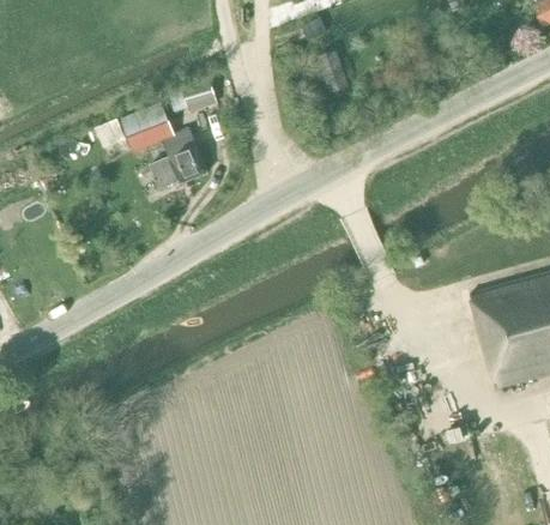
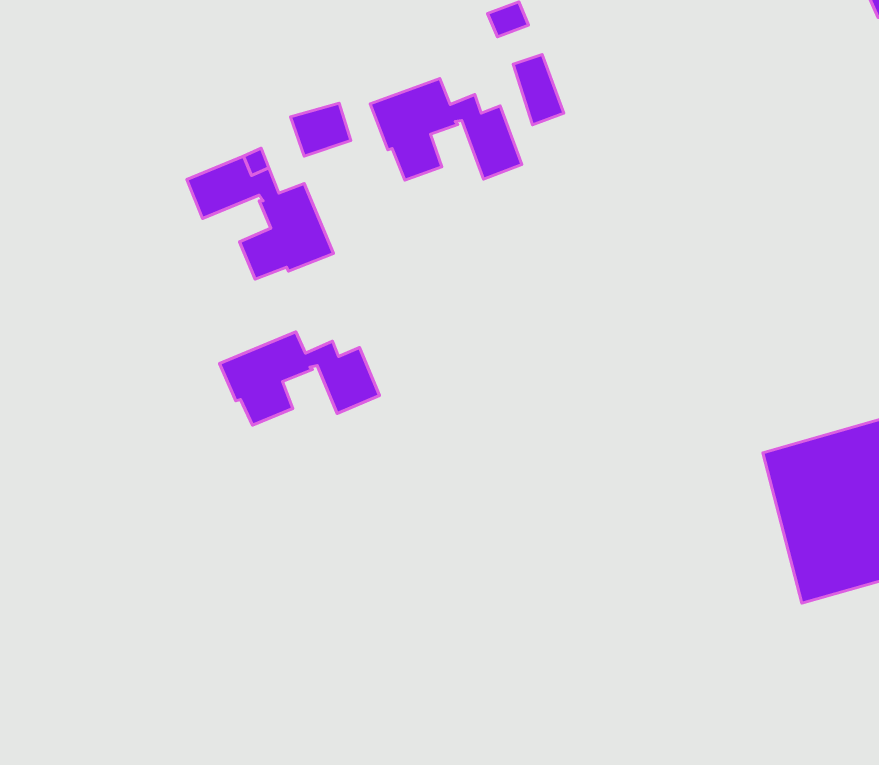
building: none -> [370,79,522,180]
building: none -> [219,332,379,425]

